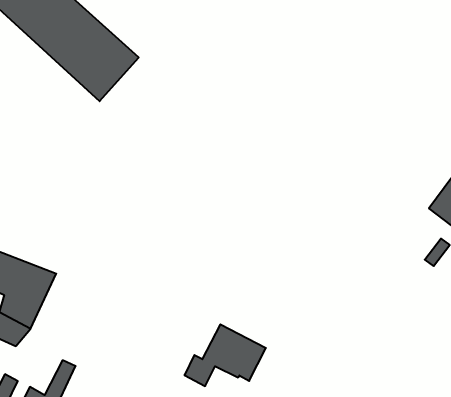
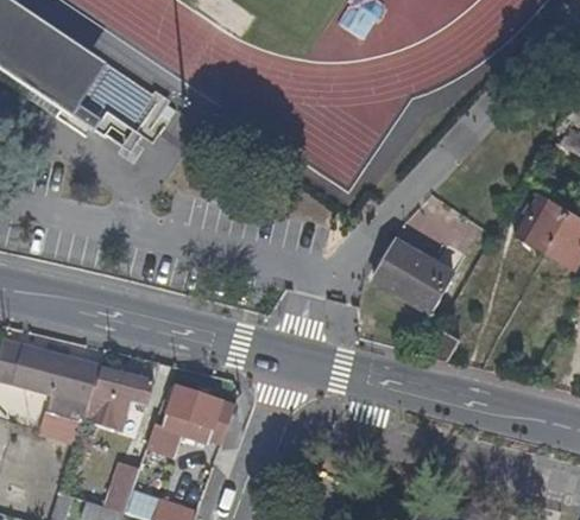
building: none -> [377,239,453,307]
building: none -> [90,364,156,424]
building: [184,324,266,386] -> [147,381,235,452]

